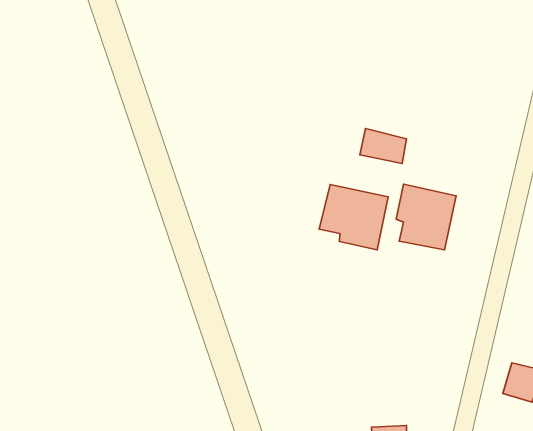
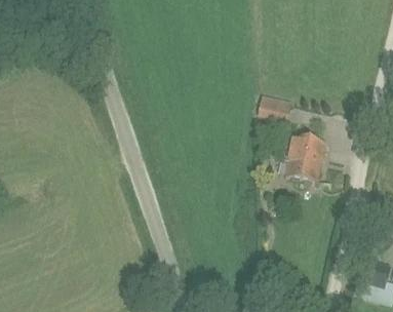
building: [319,184,388,250] -> none

